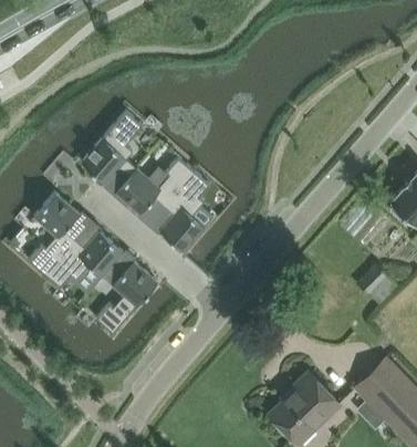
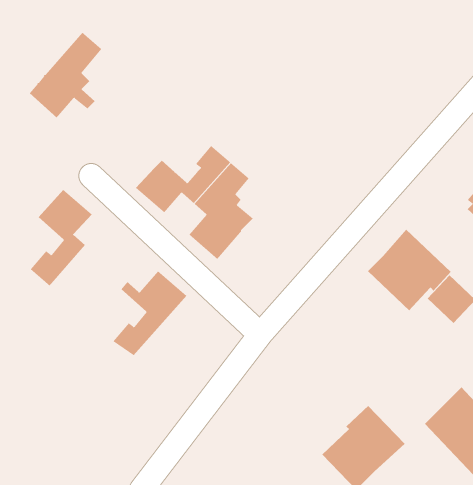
building: [82,112,143,184] -> [29,32,102,118]
building: none -> [367,229,451,311]
building: [44,231,124,289] -> none

